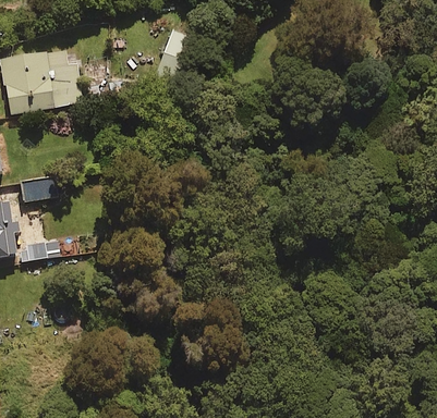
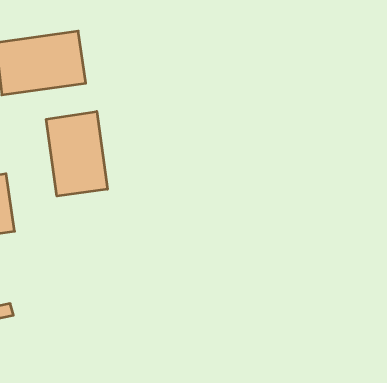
building: none -> [46,111,107,196]

